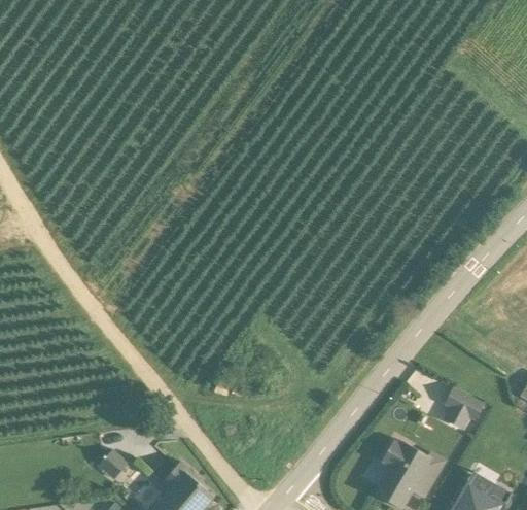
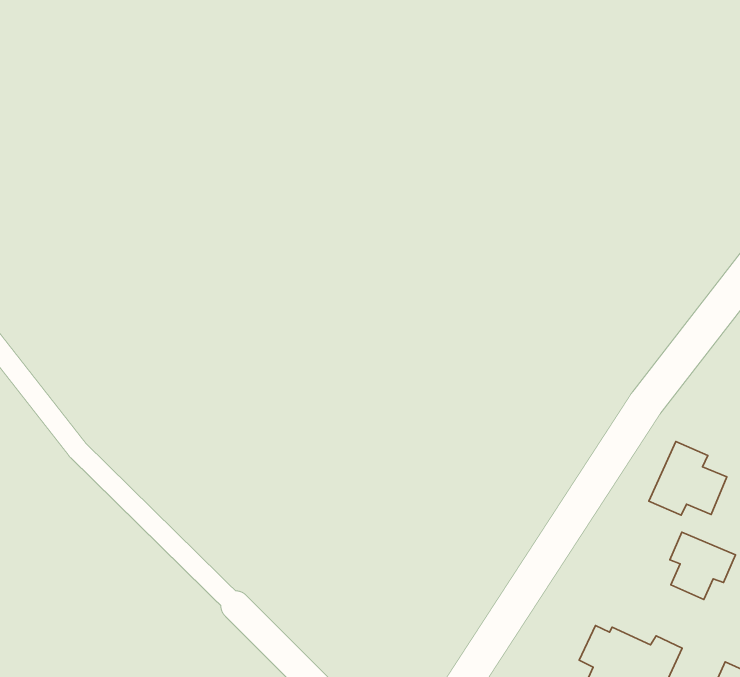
building: none -> [649,442,727,515]

